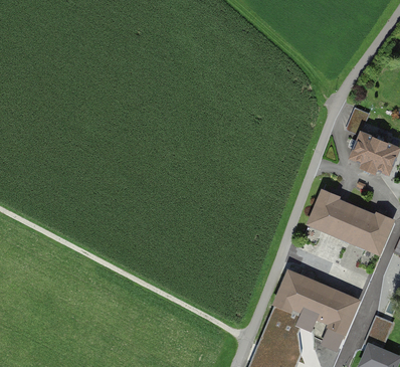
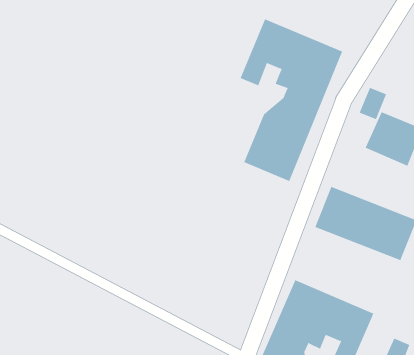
building: none -> [240,18,343,182]

